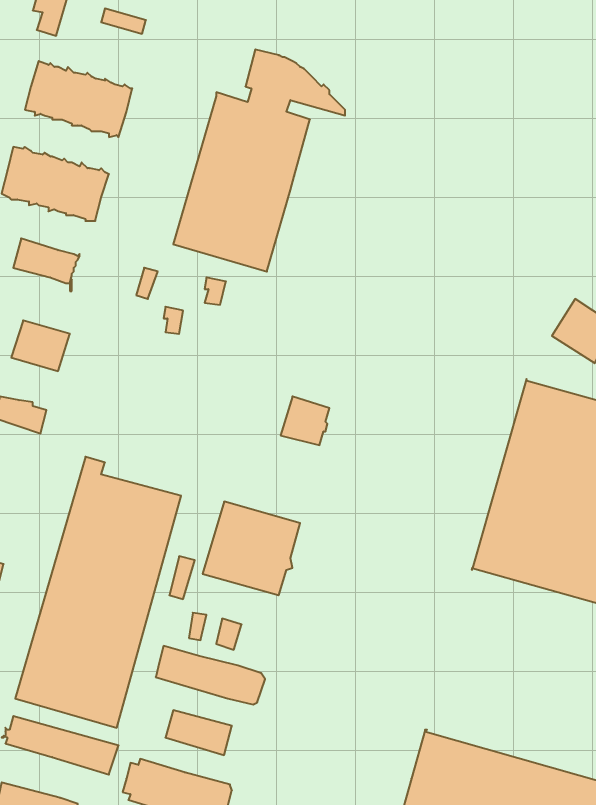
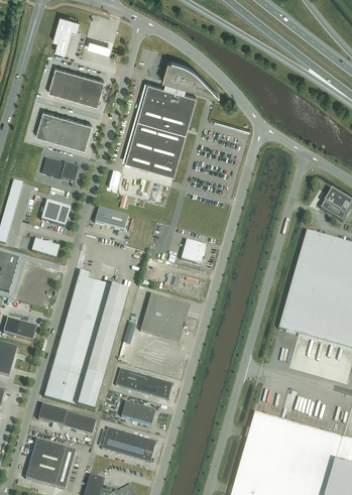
building: none -> [95,207,128,230]

